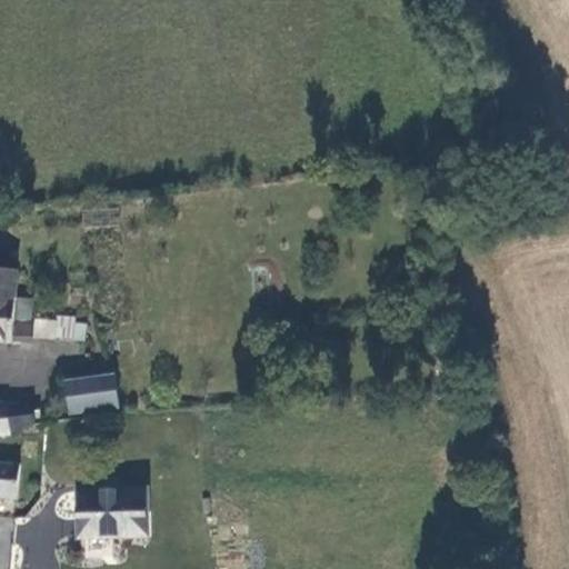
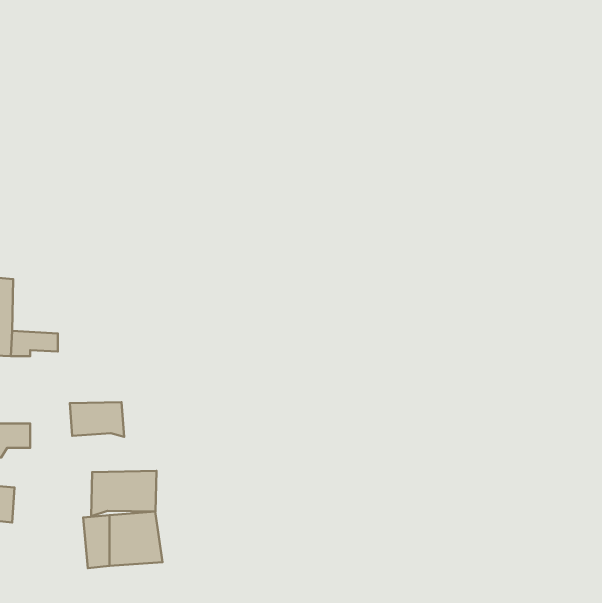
building: none -> [91,471,157,516]

